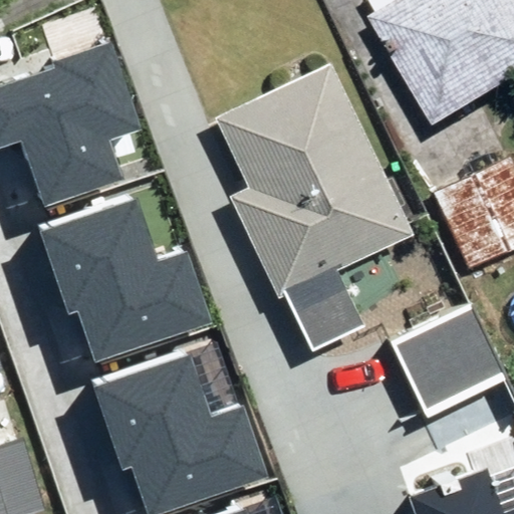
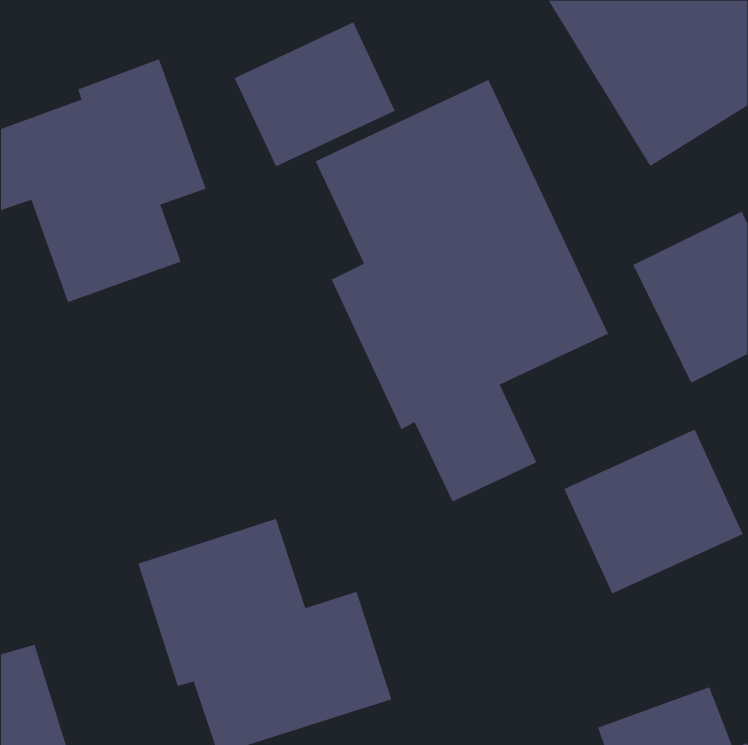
building: none -> [234,22,395,167]
building: [39,203,215,366] -> none

